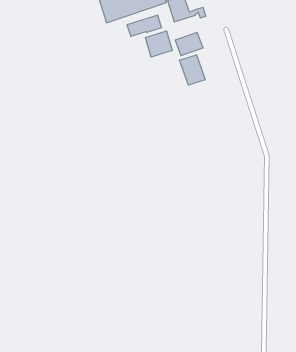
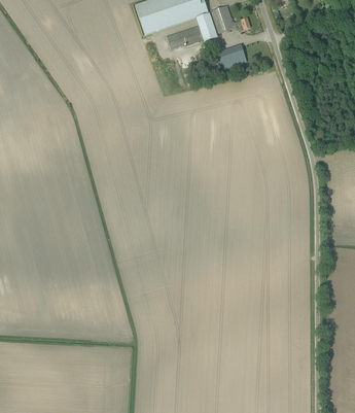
building: [146,31,172,57] -> none
building: [180,55,205,85] -> none

